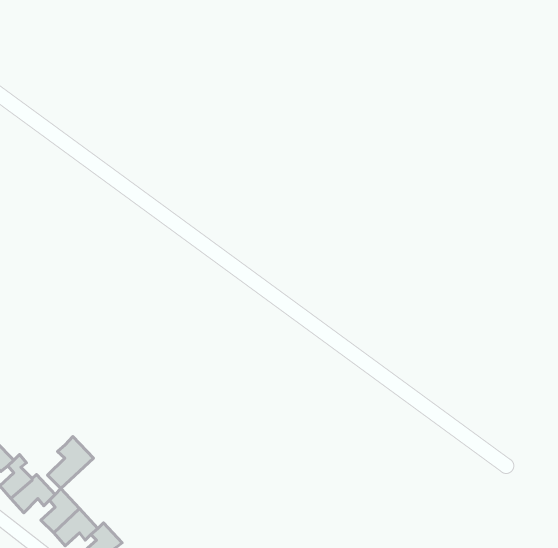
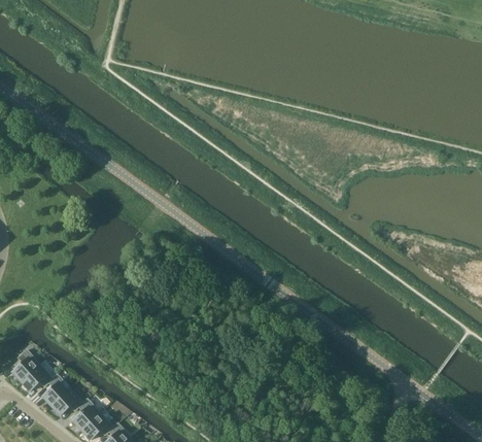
building: [48,436,93,489] -> none

